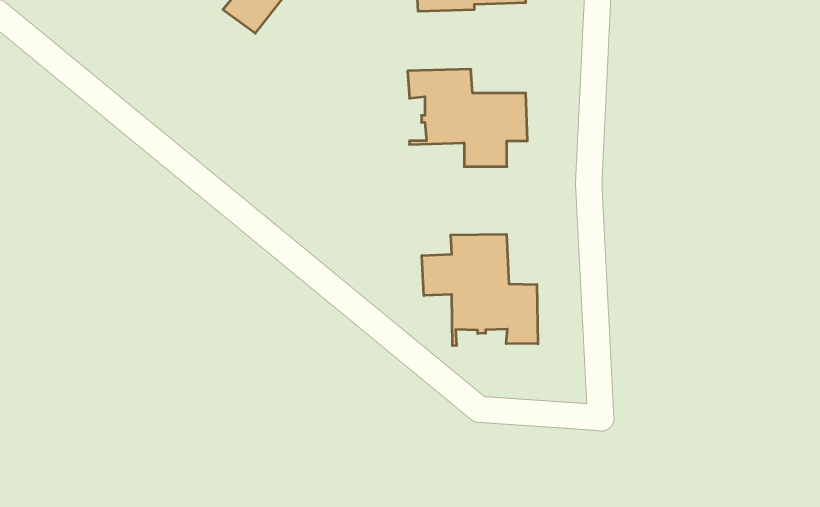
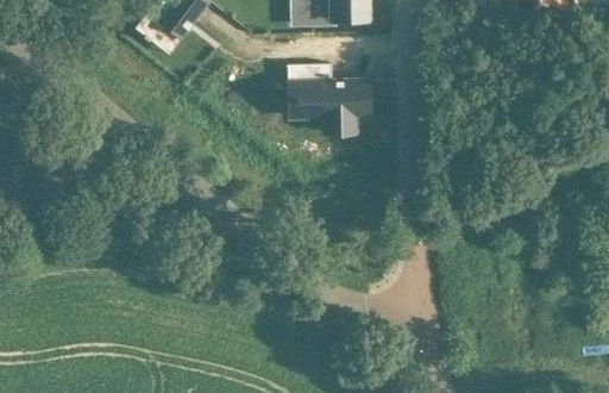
building: [422,234,538,346] -> none

